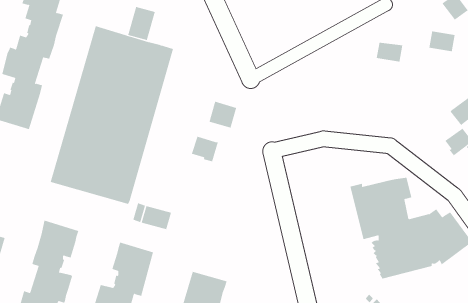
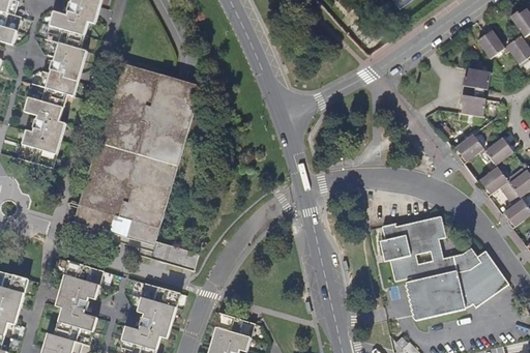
building: [127,6,156,41] -> none
building: [376,42,403,62] -> [458,94,485,115]
building: none -> [454,133,483,163]
building: [209,101,237,129] -> none
building: [191,136,218,162] -> none

